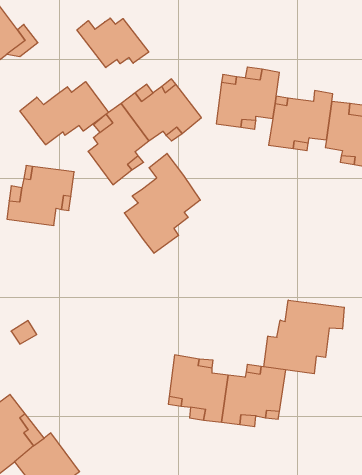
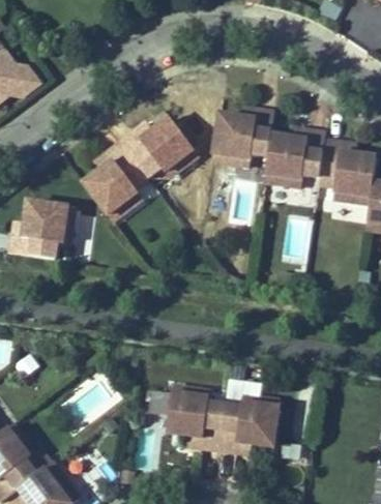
building: [77,18,149,68] -> none
building: [20,82,108,145] -> none
building: [124,153,200,253] -> none
building: [264,300,344,374] -> none

